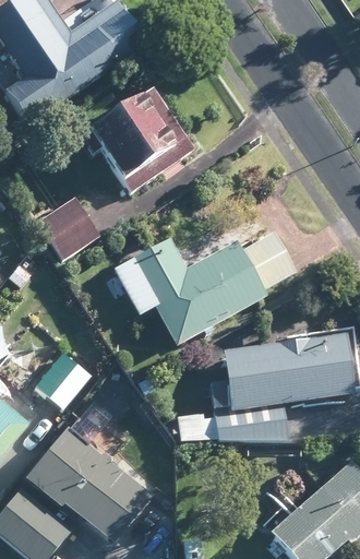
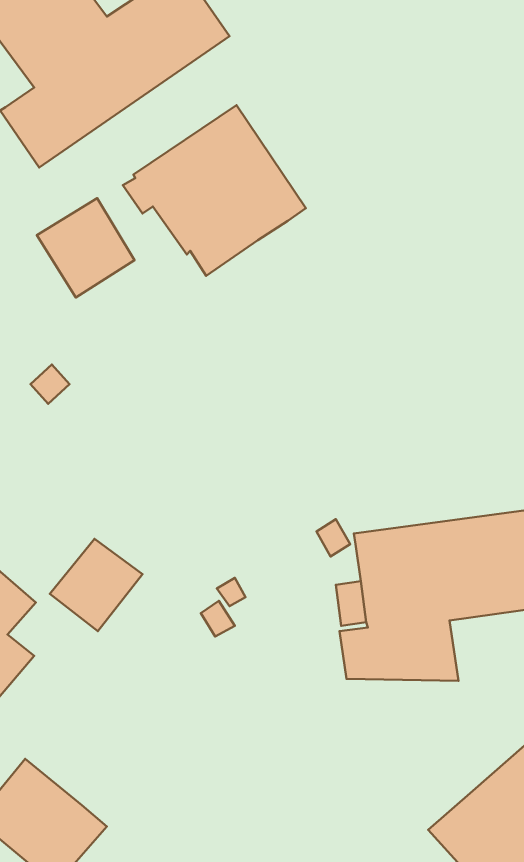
building: [39,199,99,260] -> [37,198,134,297]
building: [113,234,295,345] -> none
building: [24,426,152,544] -> none

